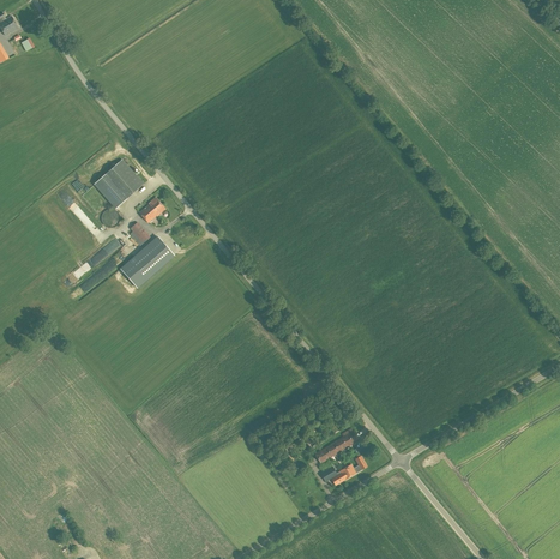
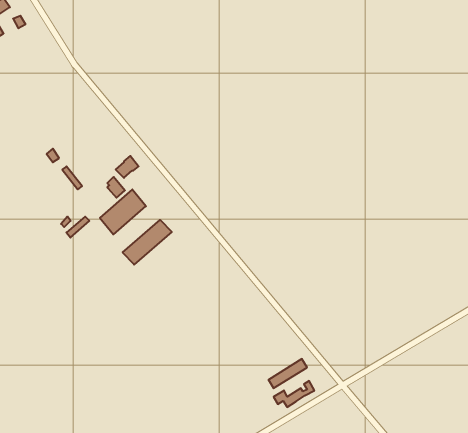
building: [94,158,144,208] -> none
building: none -> [123,220,172,265]

